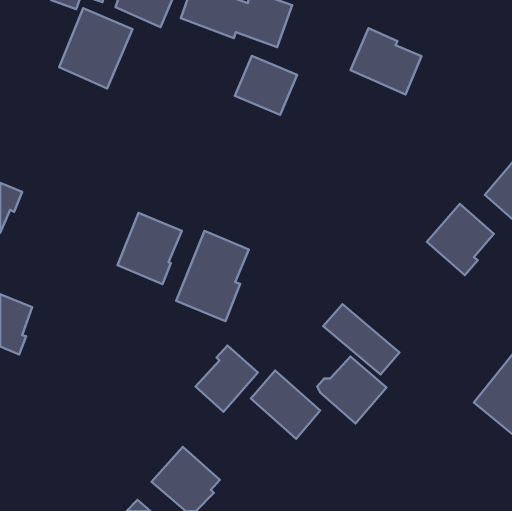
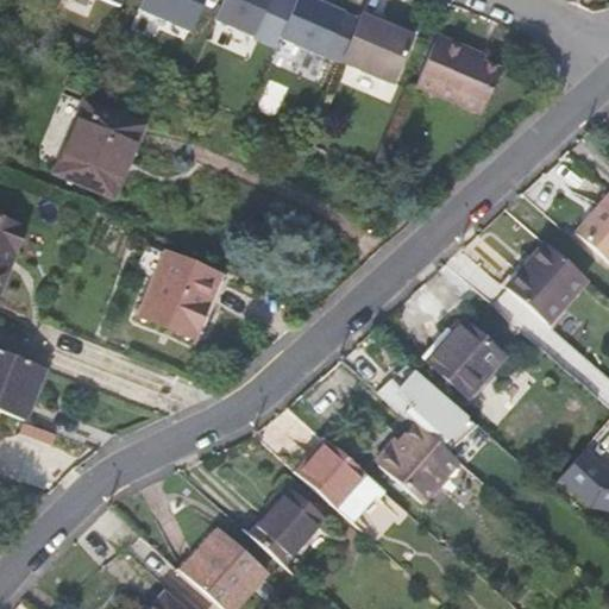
building: [59,8,132,88] -> [56,100,143,195]
building: [235,56,297,115] -> [340,12,414,82]
building: [176,231,249,321] -> none
building: none -> [431,320,503,395]
building: [196,345,258,412] -> [247,483,321,561]

